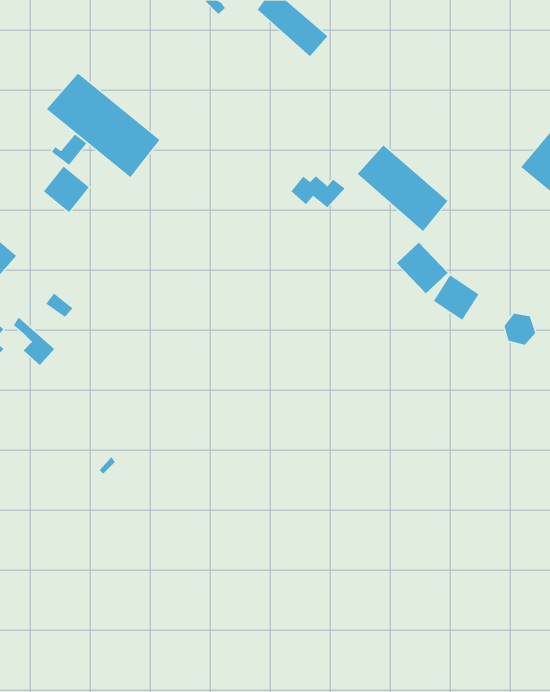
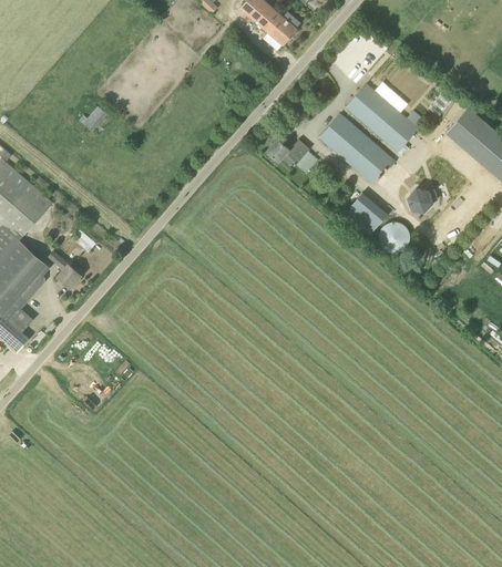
building: [46,72,160,178] -> none
building: none -> [345,84,423,153]
building: [43,166,90,213] -> none
building: [504,313,536,345] -> [407,188,432,214]

